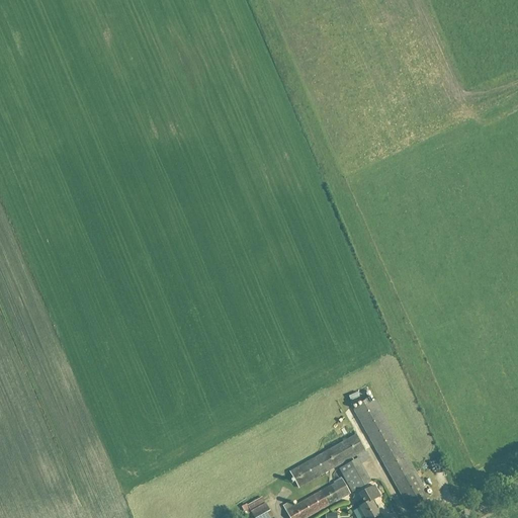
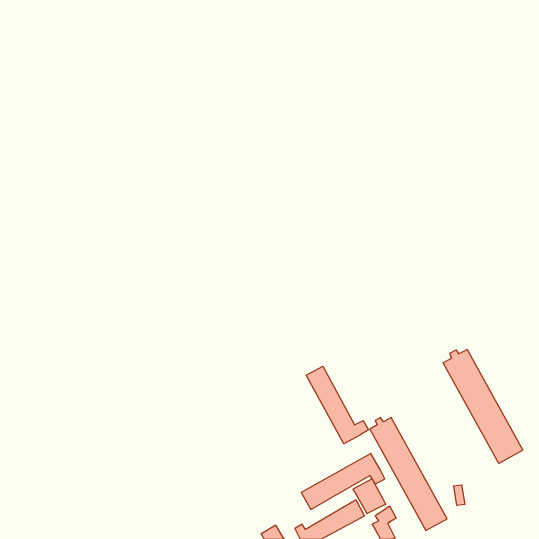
building: none -> [443,349,523,463]
building: none -> [306,366,368,444]

